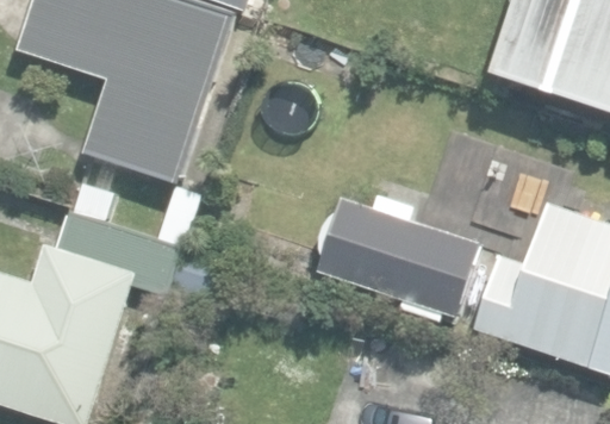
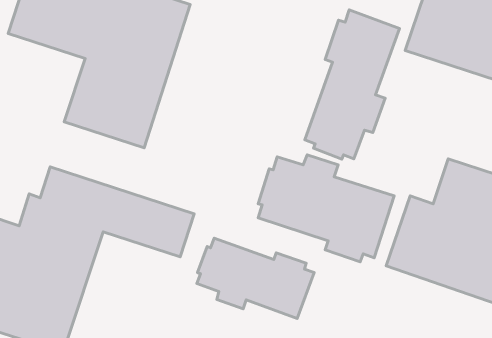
building: none -> [305,10,399,159]
building: none -> [197,238,314,319]

